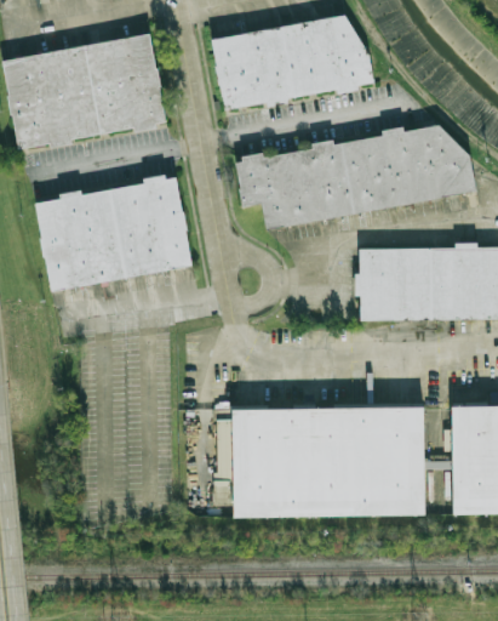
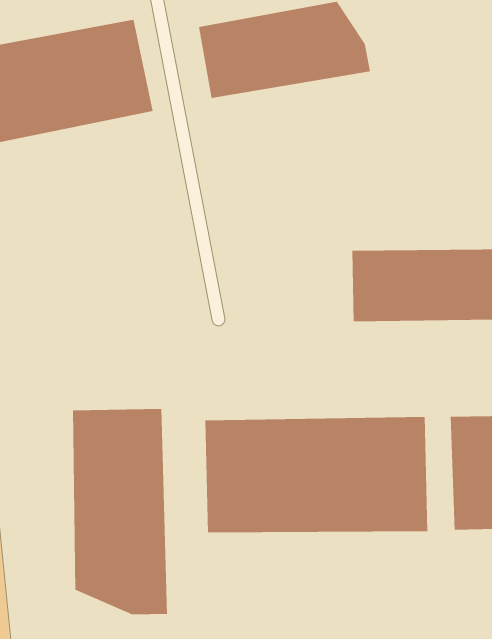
building: [235,126,475,226] -> none
building: [36,175,195,290] -> none
building: none -> [72,408,167,615]

